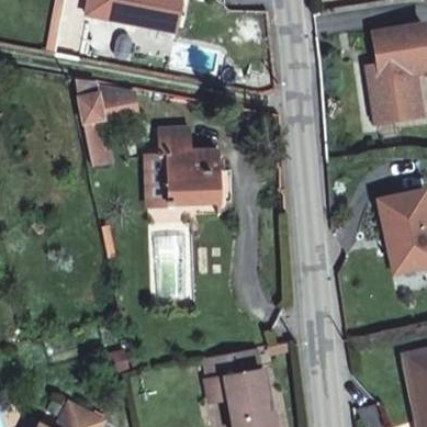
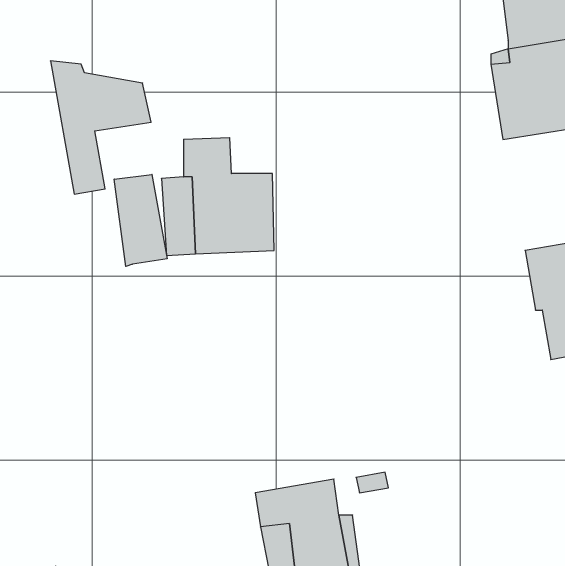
building: none -> [114,174,167,266]

